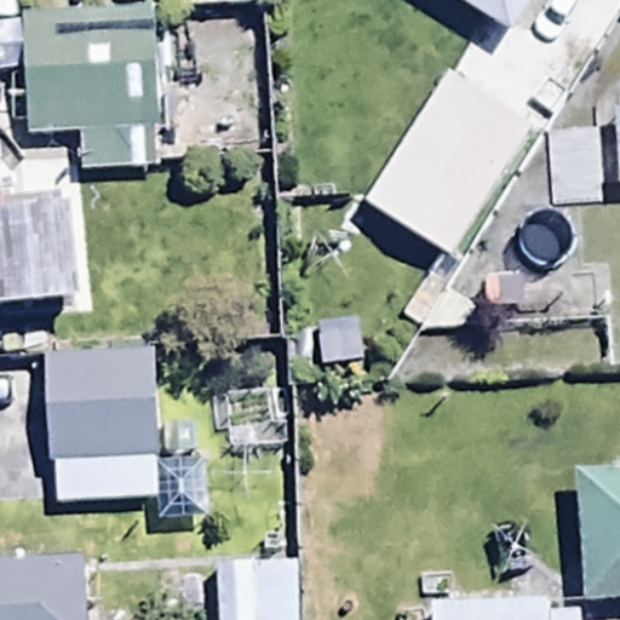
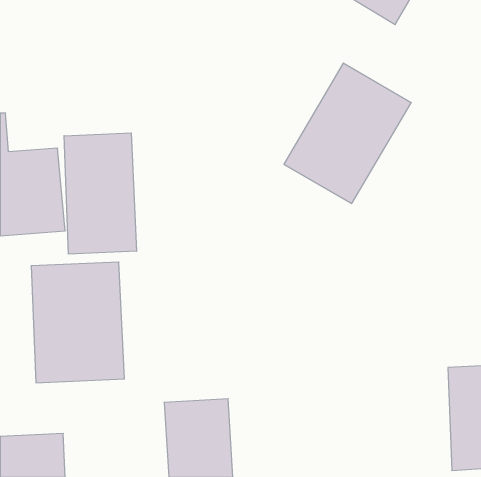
building: [24,8,154,172] -> none
building: none -> [64,133,137,254]

